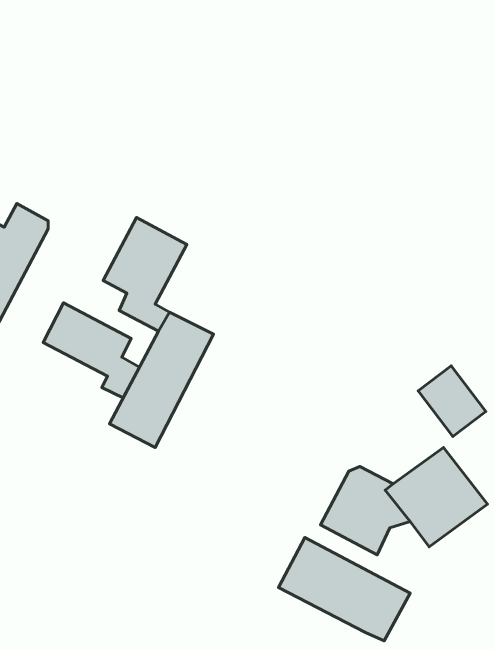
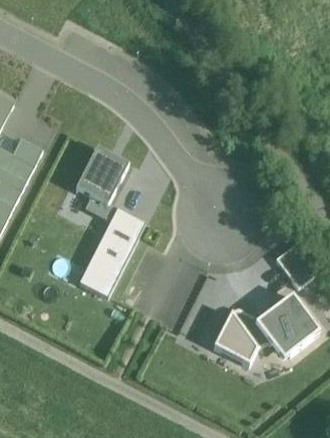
building: [43,303,139,398] -> none
building: [278,538,410,641] -> none

